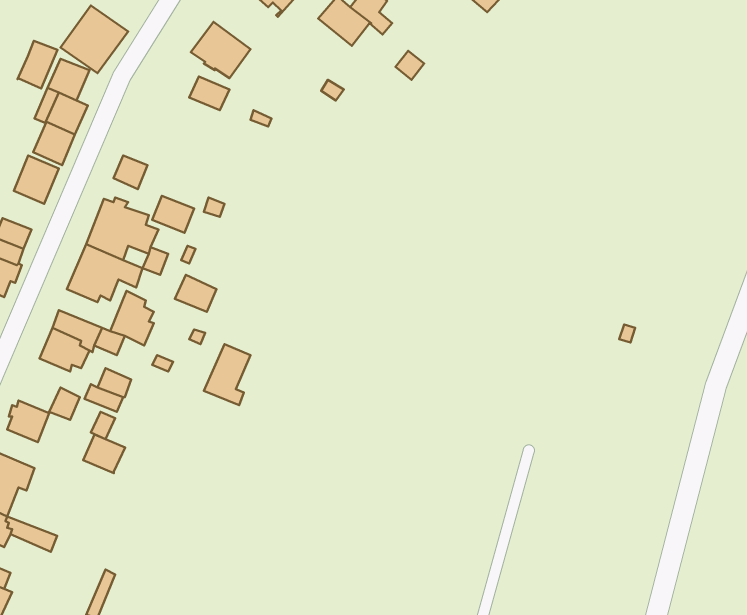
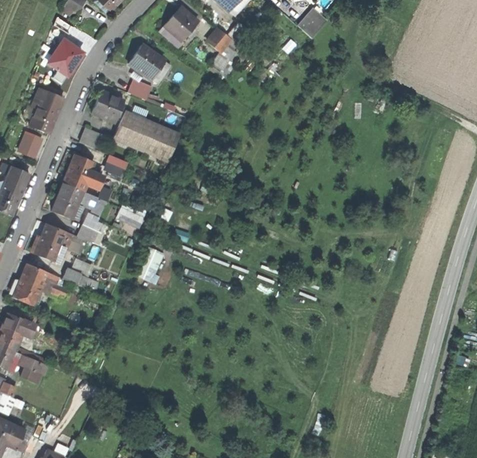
building: [18,41,57,88] -> none
building: none -> [91,92,123,123]
building: none -> [113,113,177,161]
building: [83,434,125,473] -> [20,264,46,288]

